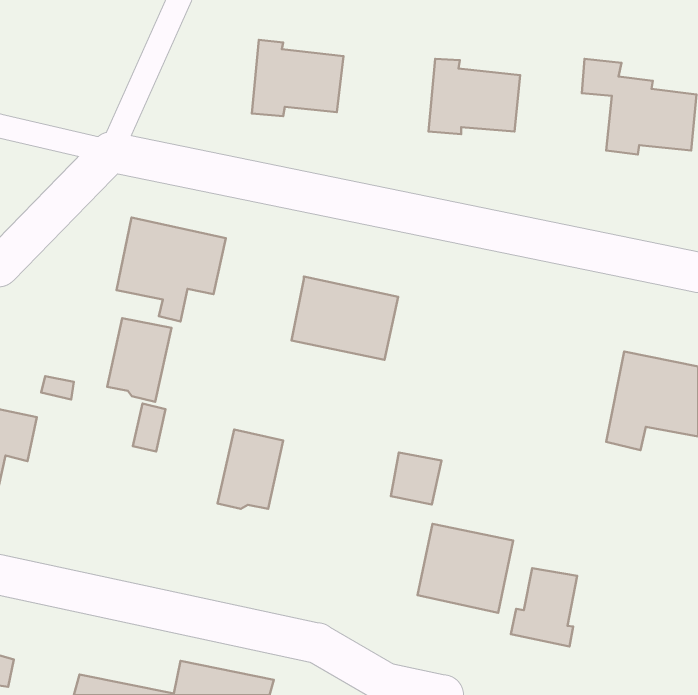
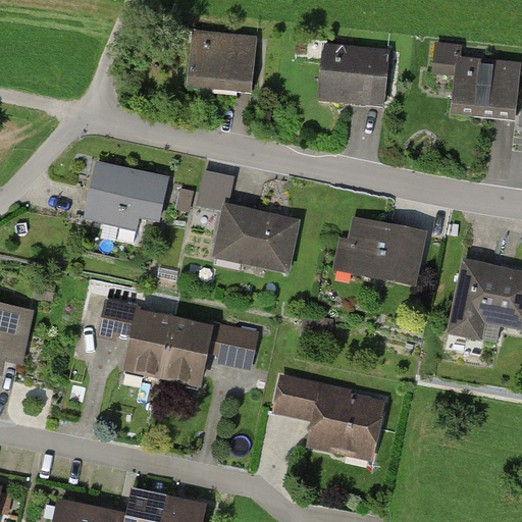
building: none -> [198,171,232,208]
building: none -> [336,218,425,277]
building: [107,318,172,402] -> [126,313,174,375]
building: none -> [219,327,257,366]
building: [391,452,441,504] -> [276,377,314,416]
building: [511,568,577,646] -> none

